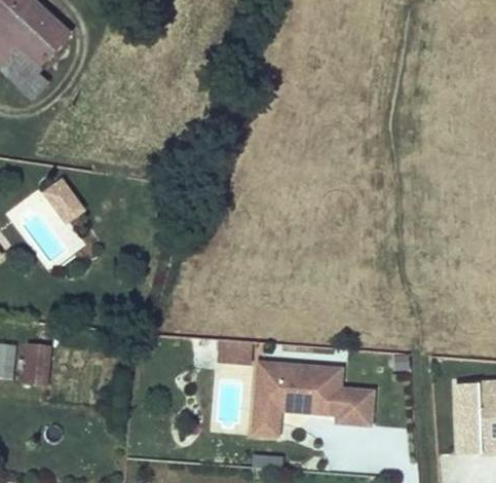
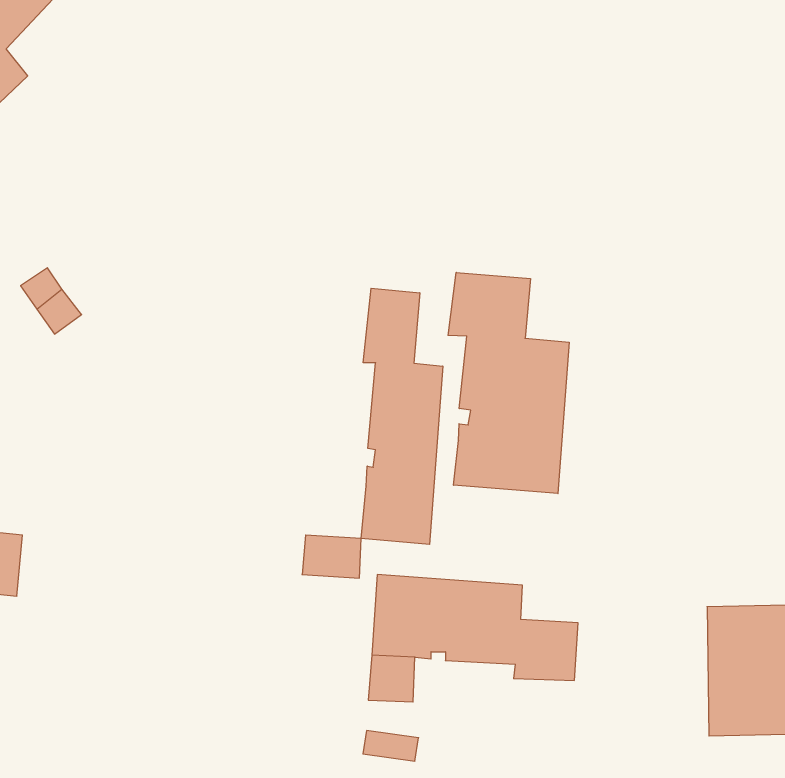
building: none -> [448,272,569,494]
building: none -> [361,288,443,544]

